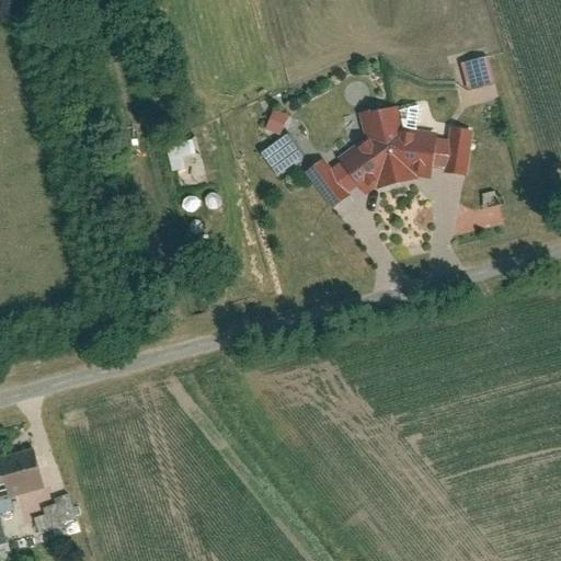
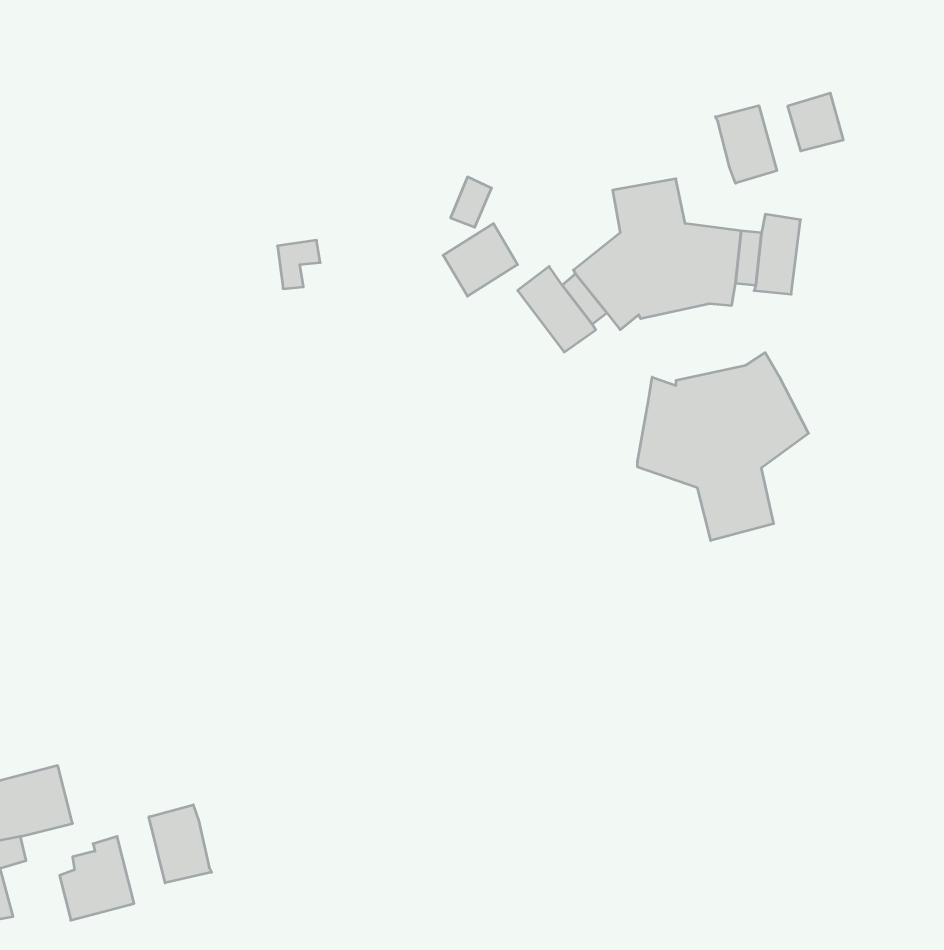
building: none -> [715,106,777,183]
building: none -> [638,353,809,541]
building: none -> [149,805,212,883]

